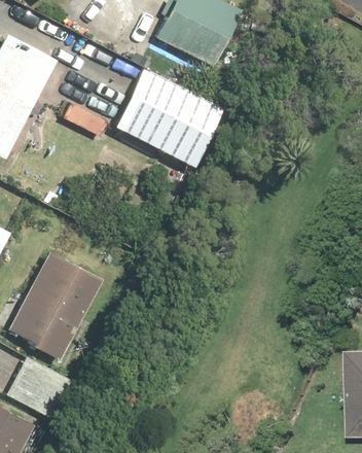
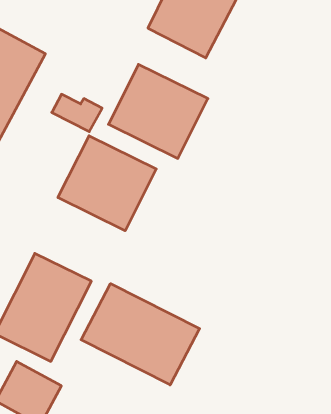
building: none -> [58,136,156,231]
building: none -> [81,284,200,385]

